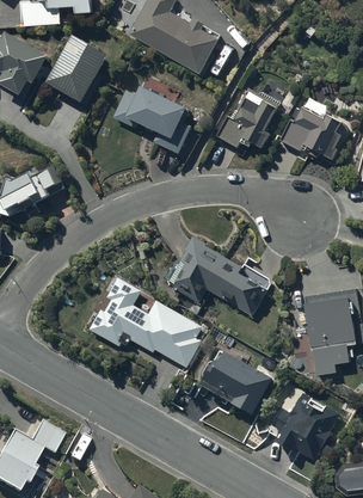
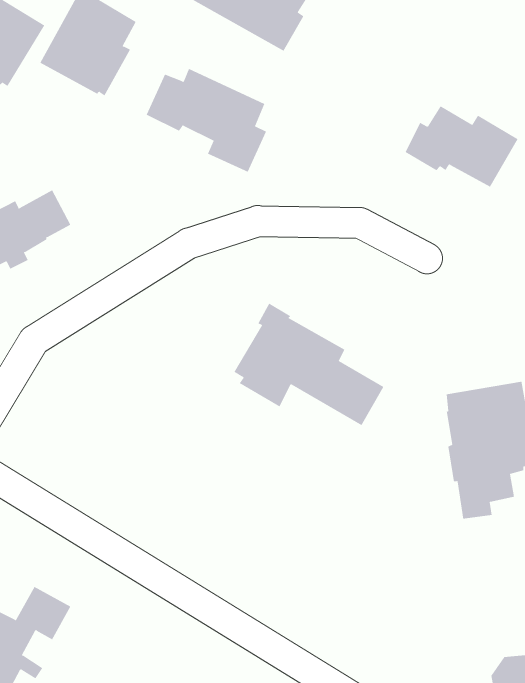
building: [215,87,282,154] -> none
building: [90,277,202,365] -> none
building: [201,351,272,416] -> none
building: [272,392,340,459] -> none

